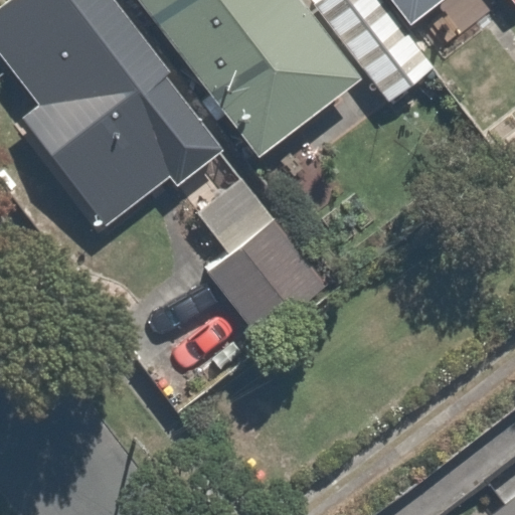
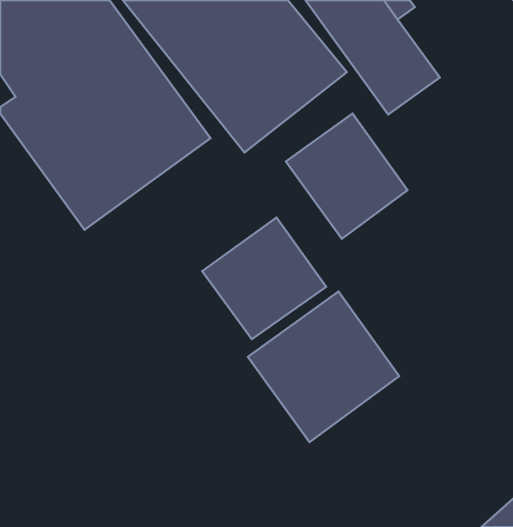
building: none -> [286,113,408,239]
building: none -> [248,292,399,442]

